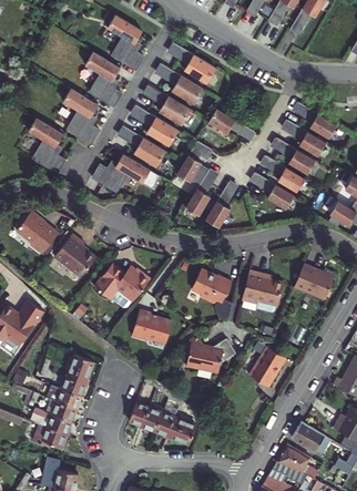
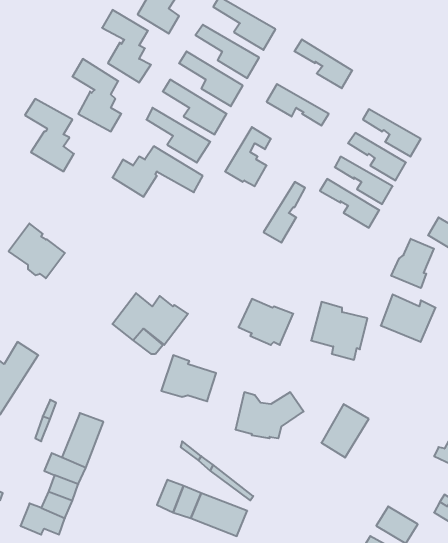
building: [292,108,335,144] -> [294,39,352,88]
building: [187,168,218,214] -> none
building: none -> [391,239,434,288]
building: [54,234,96,277] -> none

